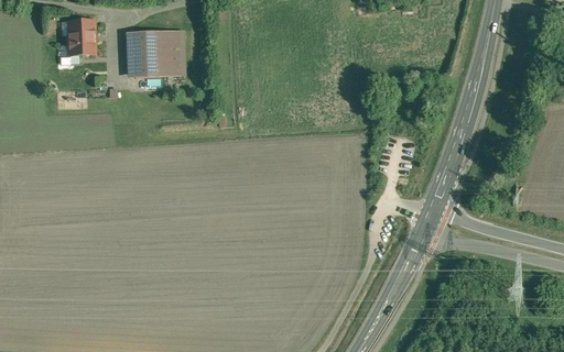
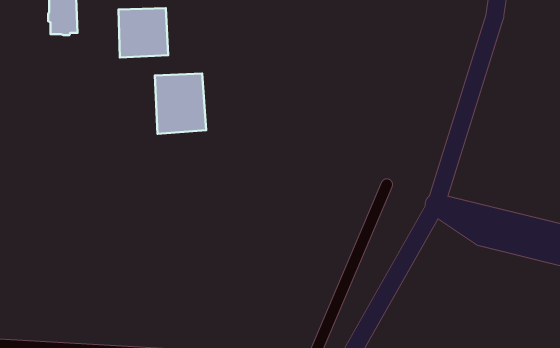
building: none -> [155,73,206,134]

